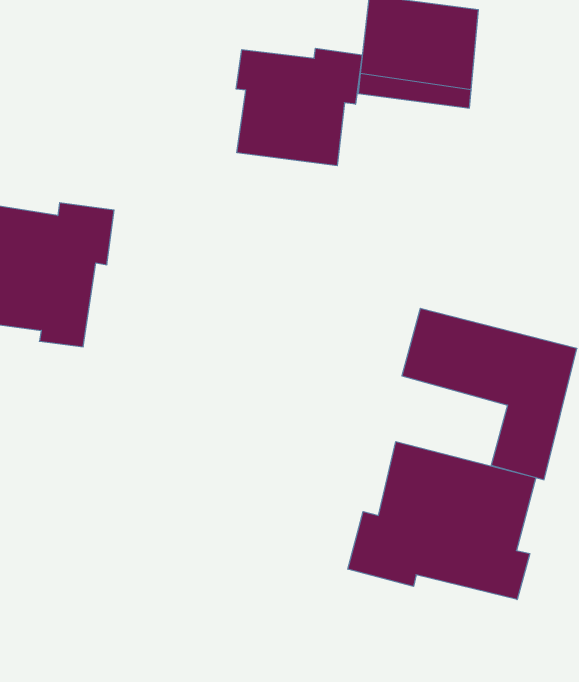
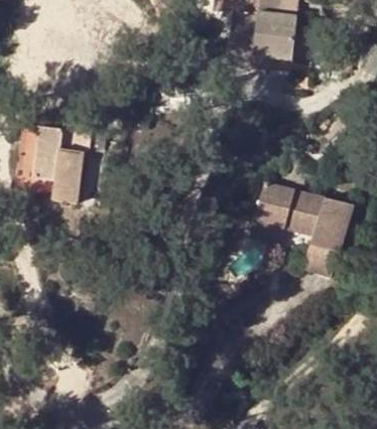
building: [236,48,362,166] -> none
building: [348,442,536,600] -> none

